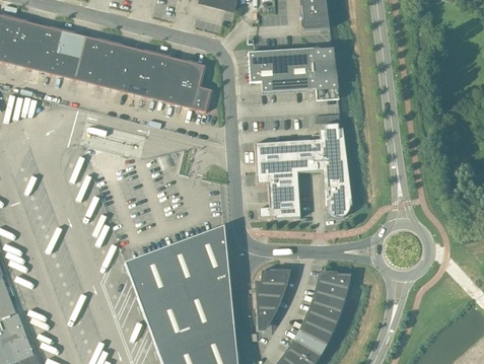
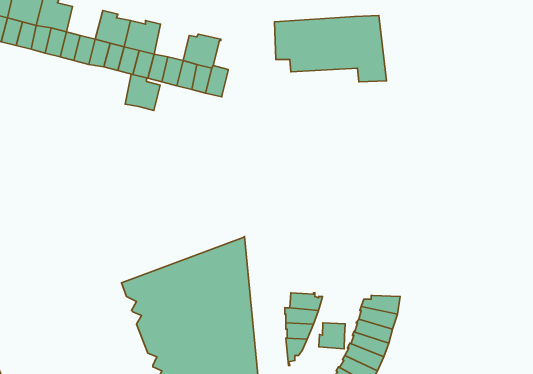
building: [79,39,109,65] -> none
building: [150,53,179,82] -> [125,74,160,110]
building: [253,123,351,218] -> none
building: none -> [319,323,345,349]

